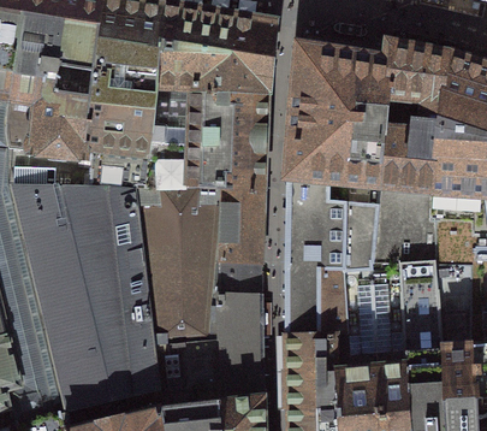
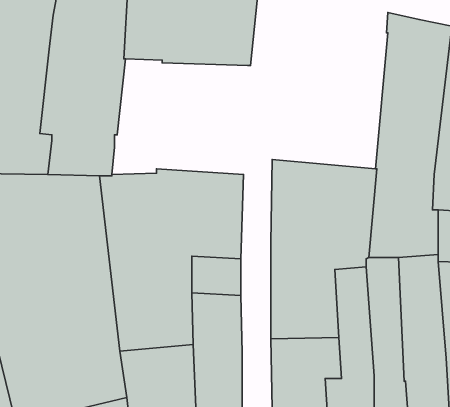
building: [284,49,386,184] -> none
building: [142,87,262,189] -> none

